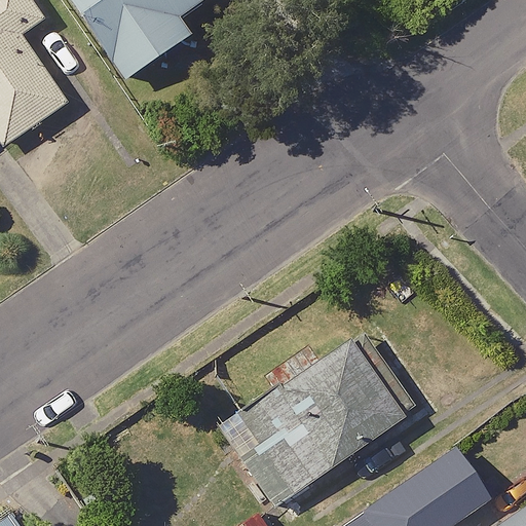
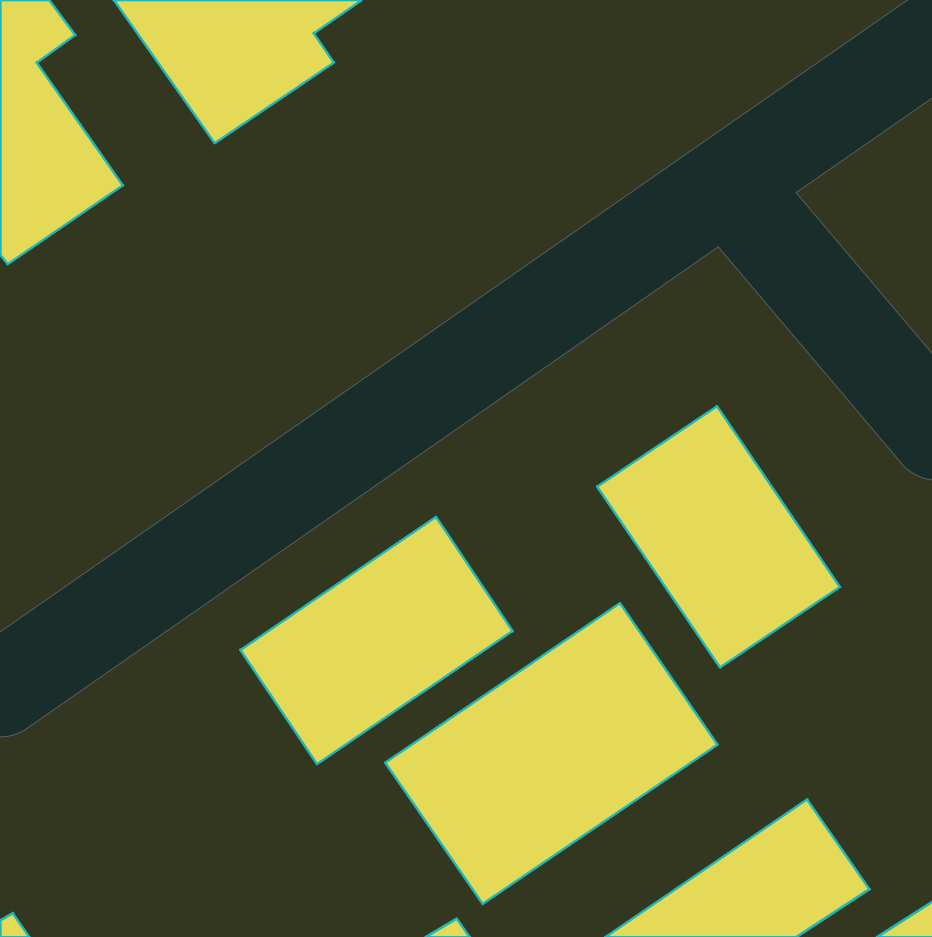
building: none -> [597,406,840,667]
building: none -> [240,517,513,764]

